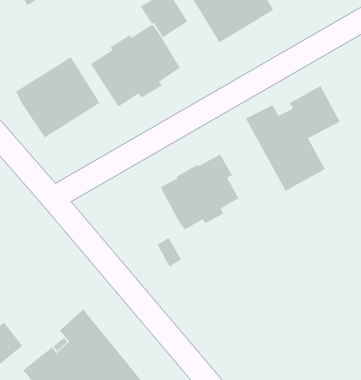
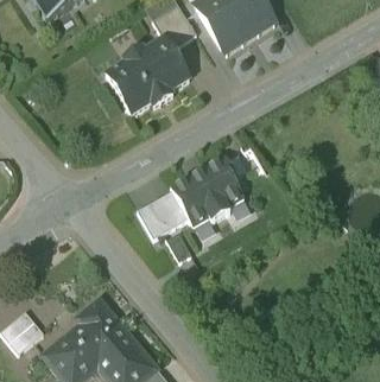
building: [15,56,100,139] -> none
building: [245,85,341,192] -> none
building: none -> [137,190,186,237]

